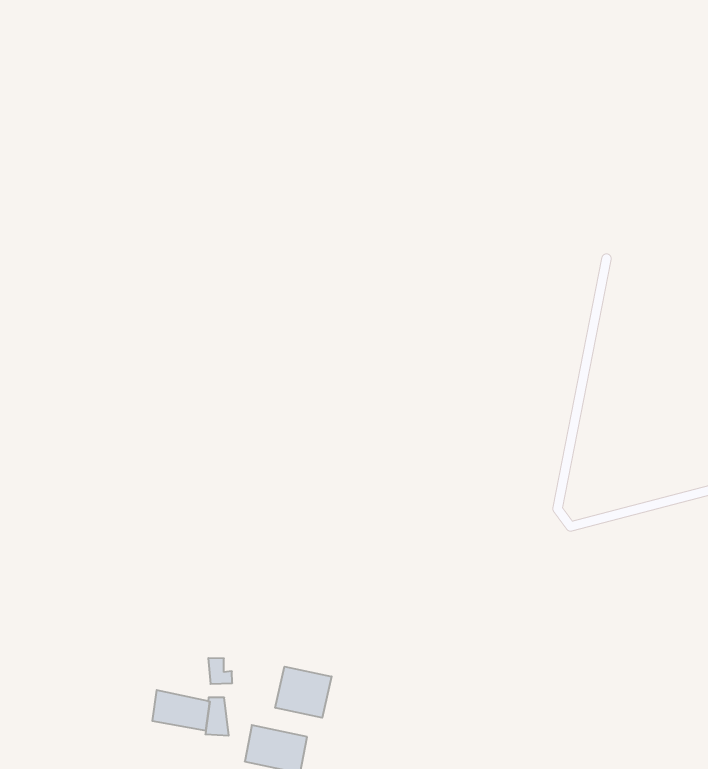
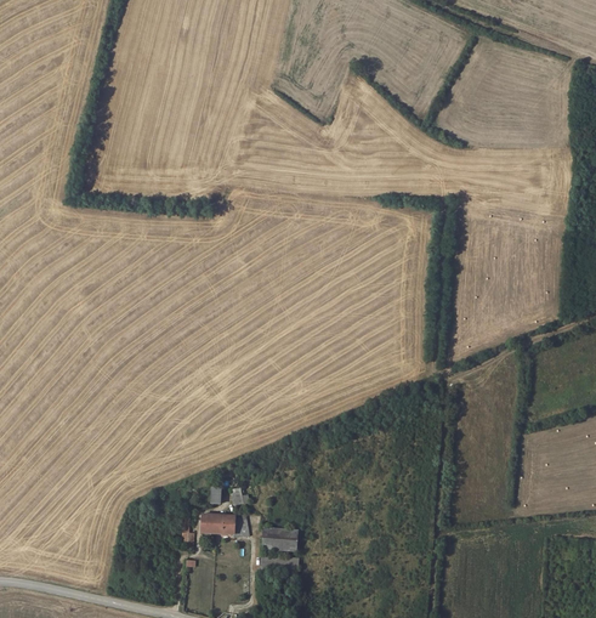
building: [275,667,332,718] -> none

